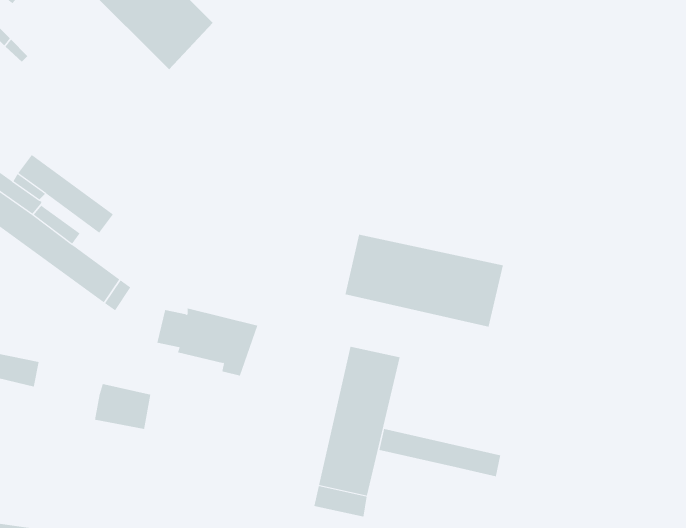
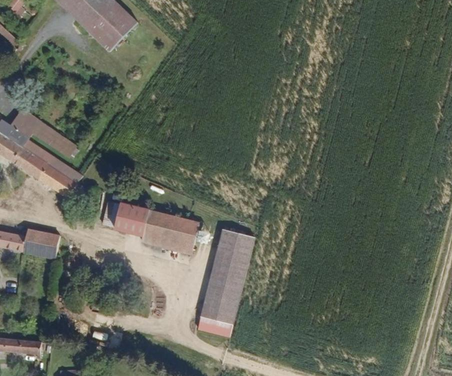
building: [345,234,503,327] -> none
building: none -> [154,214,198,255]
building: [94,384,151,429] -> [24,230,60,259]
building: [379,428,501,477] -> none

